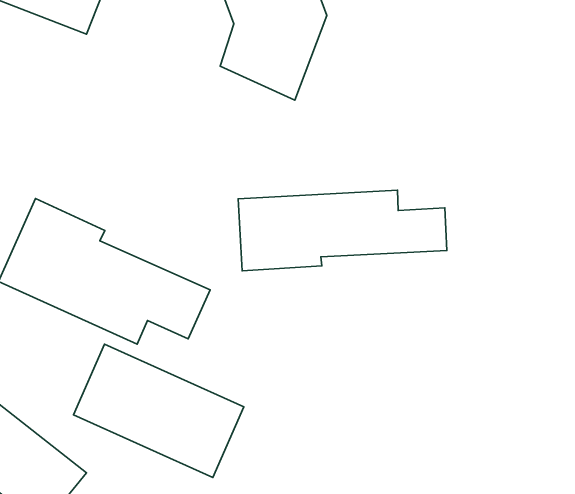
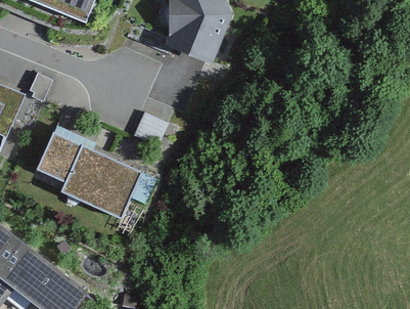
building: [238,190,447,271] -> none
building: [73,344,244,478] -> none

